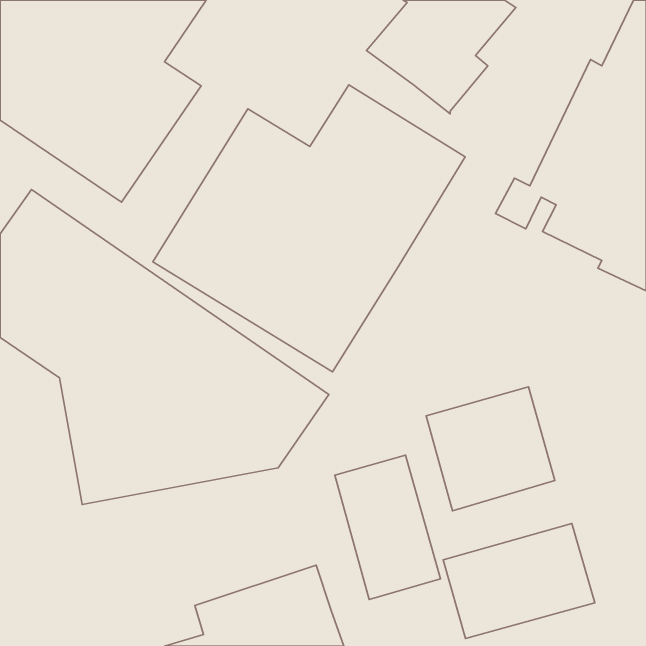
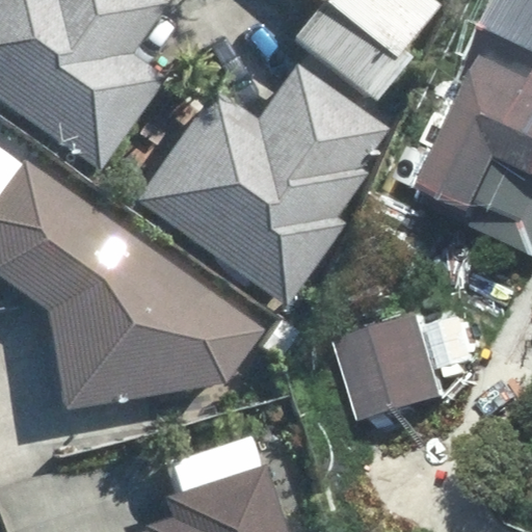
building: [335,455,441,600] -> none
building: [443,523,595,639] -> none

